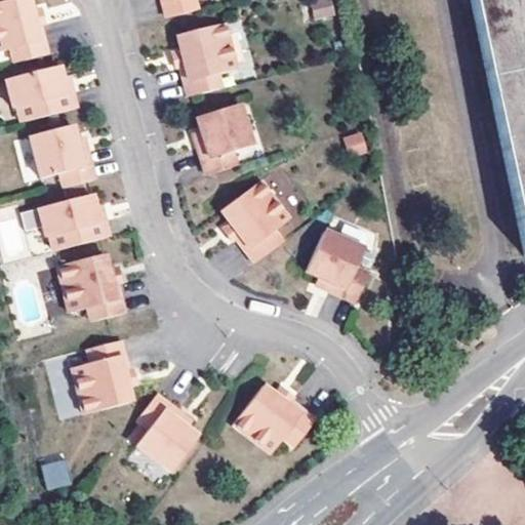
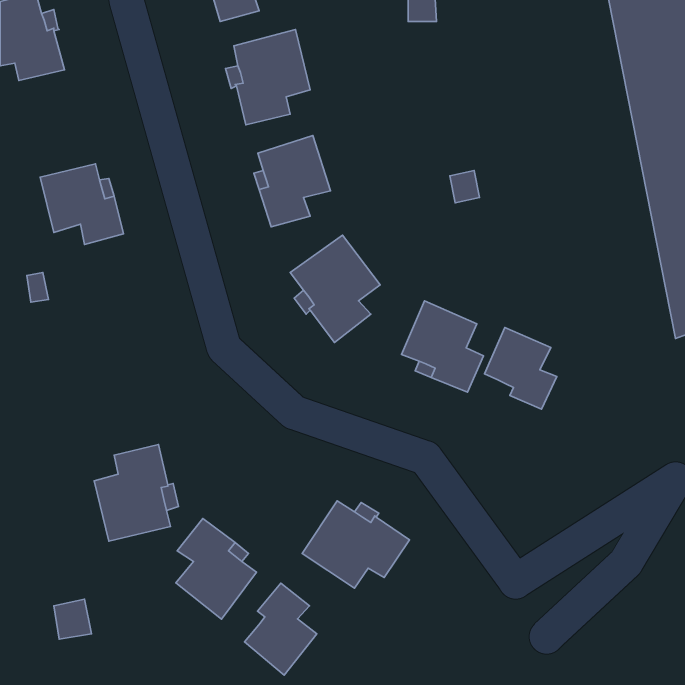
building: [7,65,78,121] -> none
building: [40,194,111,250] -> none
building: none -> [484,327,557,409]
building: [59,253,127,320] -> none
building: none -> [244,583,317,675]

